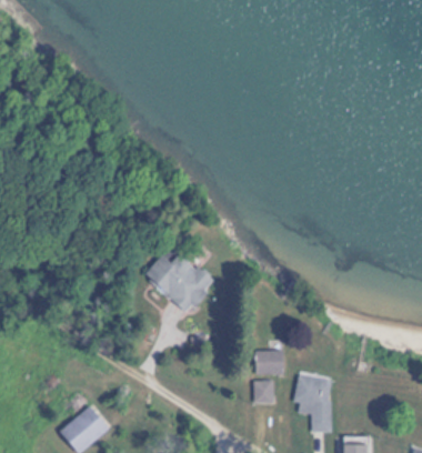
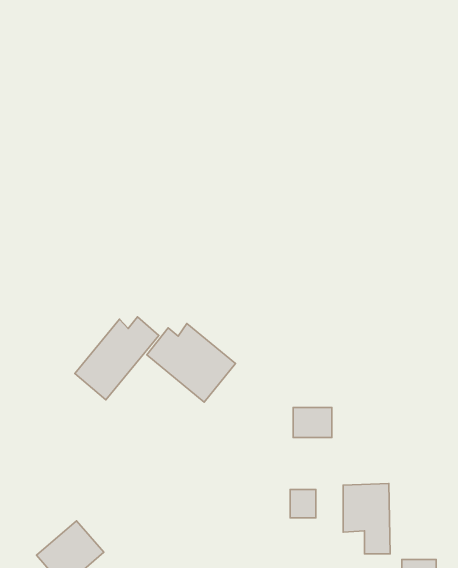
building: none -> [75,317,159,400]
building: [253,351,283,374] -> [293,407,332,438]

